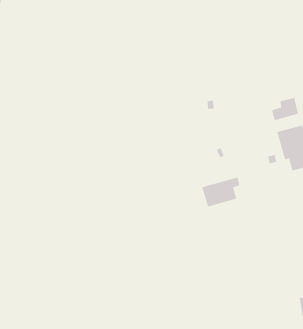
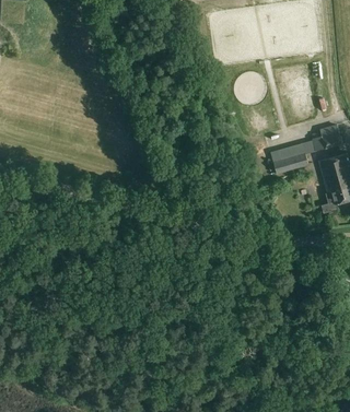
building: [201,177,240,207] -> [271,141,313,174]

